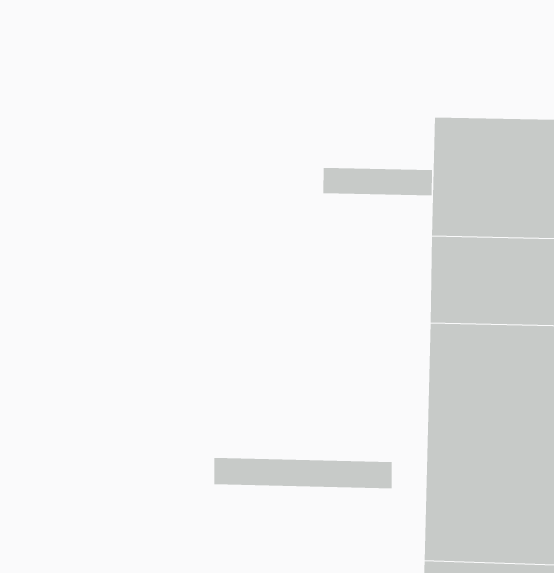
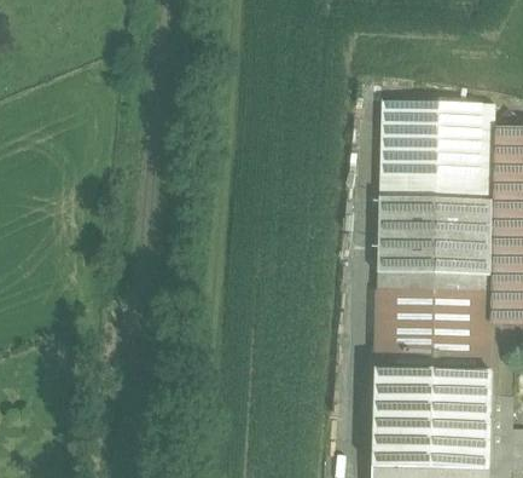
building: [323,167,432,196] -> none
building: [214,457,392,489] -> none

